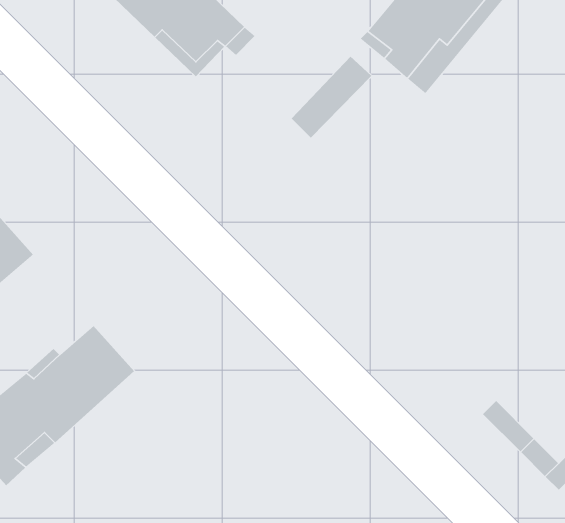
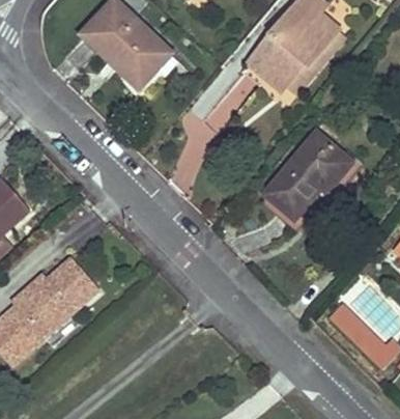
building: none -> [266,133,353,220]

